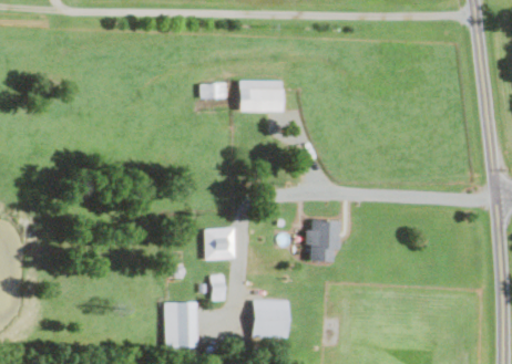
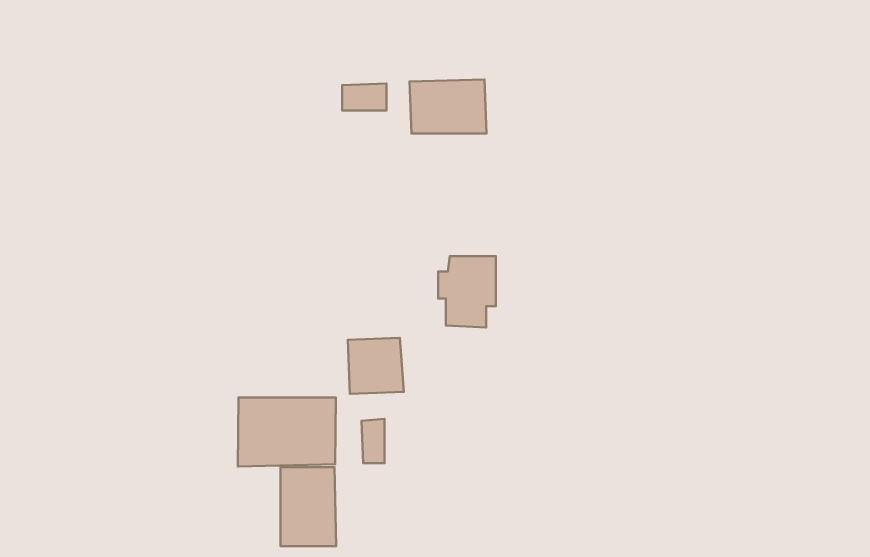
building: [306,220,339,261] -> [438,256,496,327]
building: none -> [238,397,336,467]
building: [253,300,289,337] -> none

